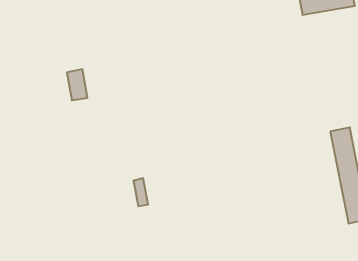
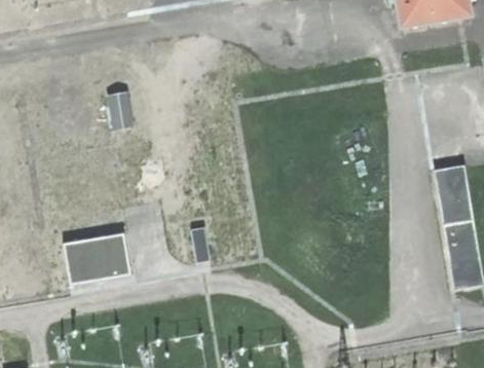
building: none -> [63,232,129,284]

